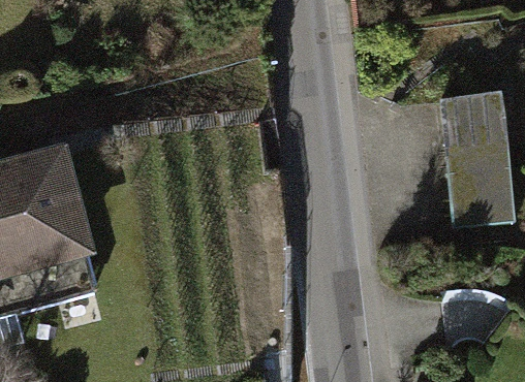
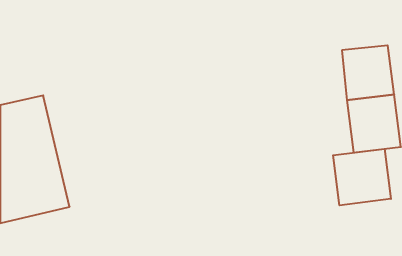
building: none -> [333,149,391,205]

